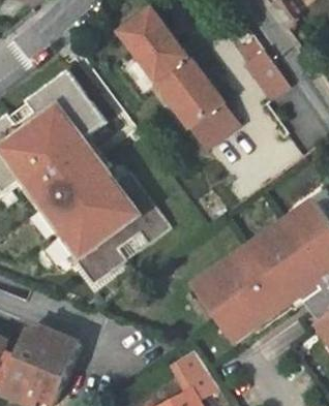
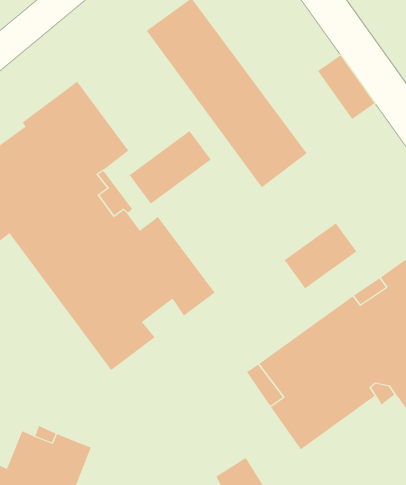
building: none -> [129,130,212,204]
building: none -> [284,222,357,289]

